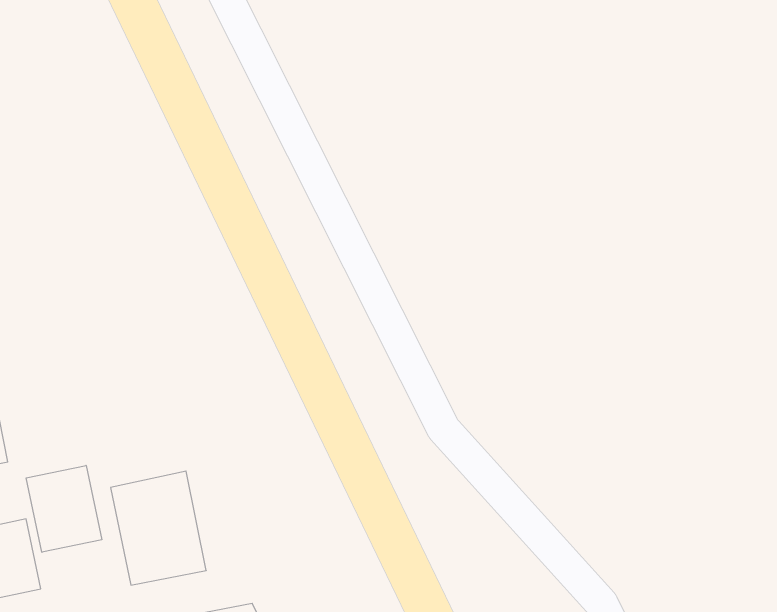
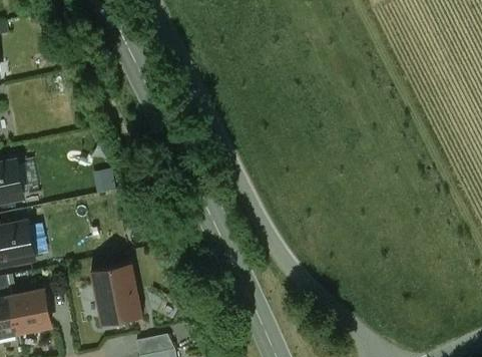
building: [26,465,102,552] -> none

